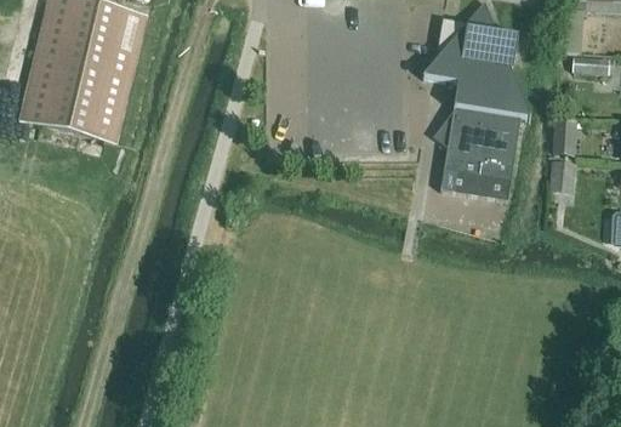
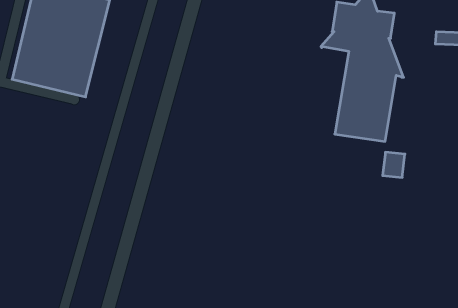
building: [553,116,577,154] -> none
building: [547,159,576,192] -> [383,152,405,177]

